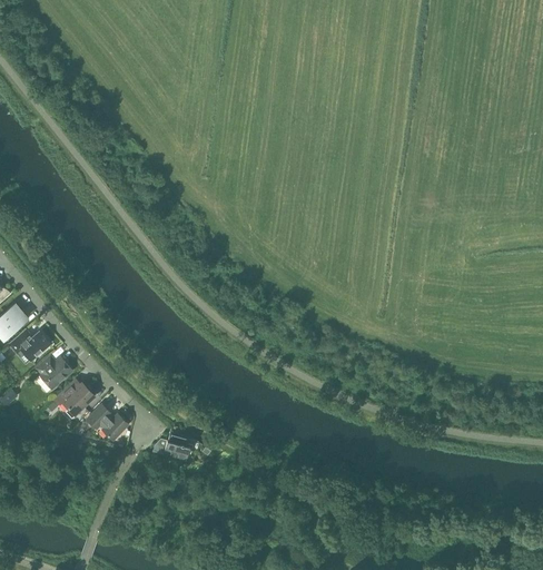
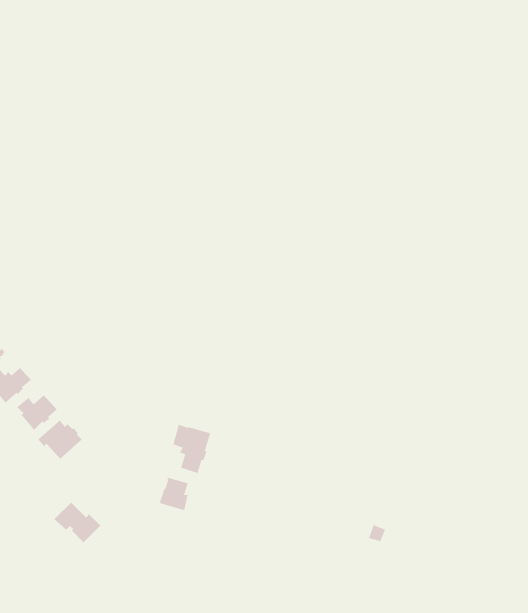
building: none -> [173,424,211,474]
building: [87,403,129,440] -> [54,502,101,543]

